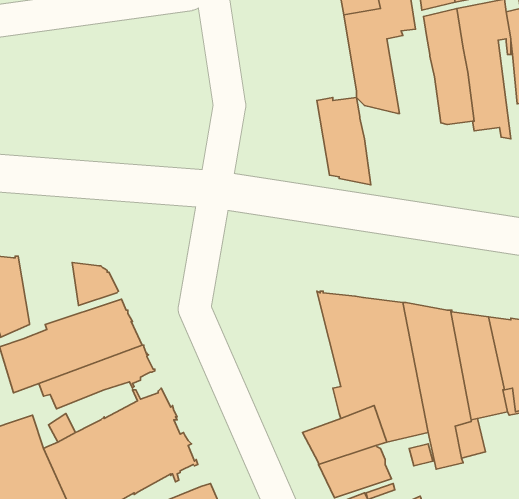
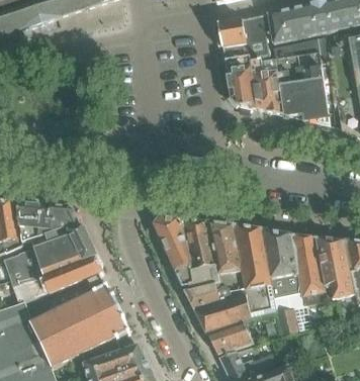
building: [317,97,371,185] -> [251,60,285,115]
building: none -> [16,200,55,243]
building: none -> [154,216,221,309]

